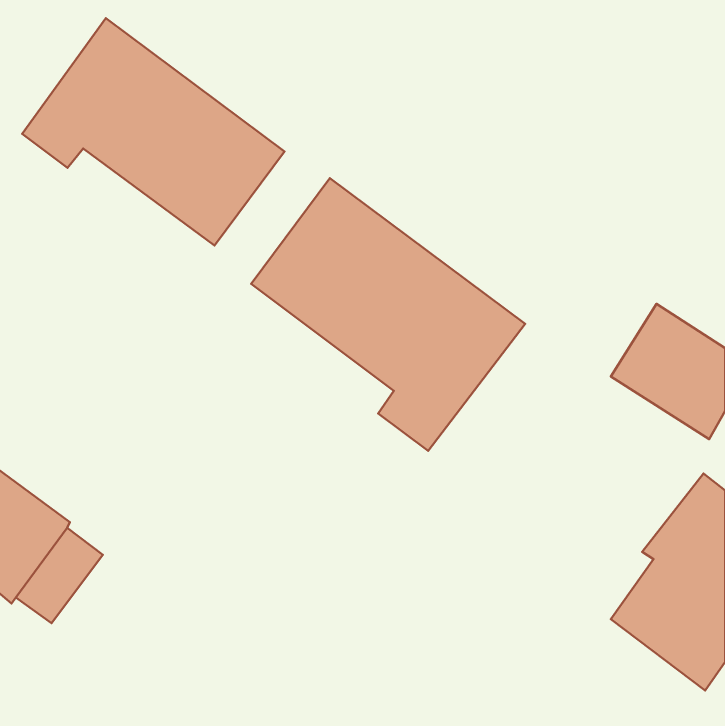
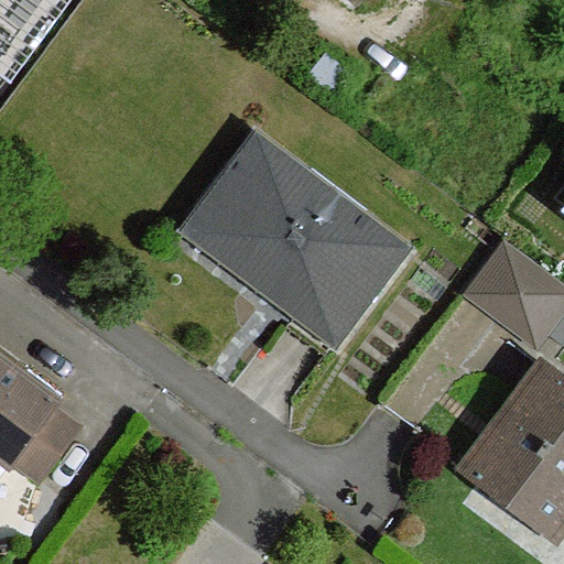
building: [22,18,285,245] -> none

